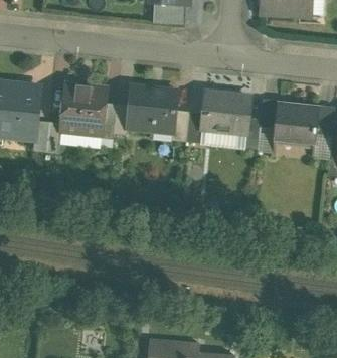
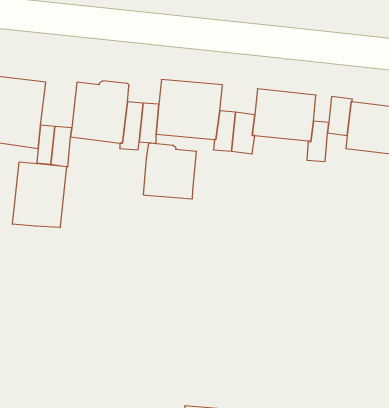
building: none -> [144,143,196,199]
building: none -> [12,162,66,228]

